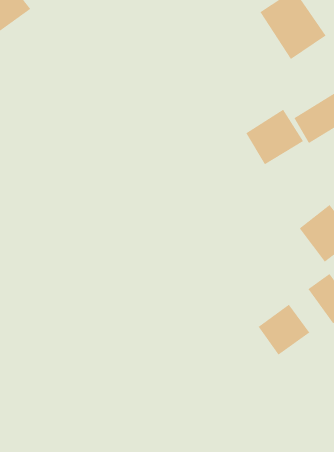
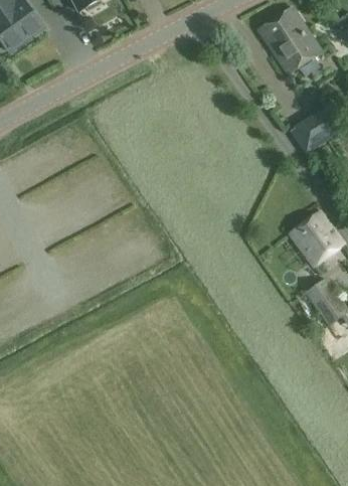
building: [246,109,304,165] -> none
building: [258,304,310,356] -> none

